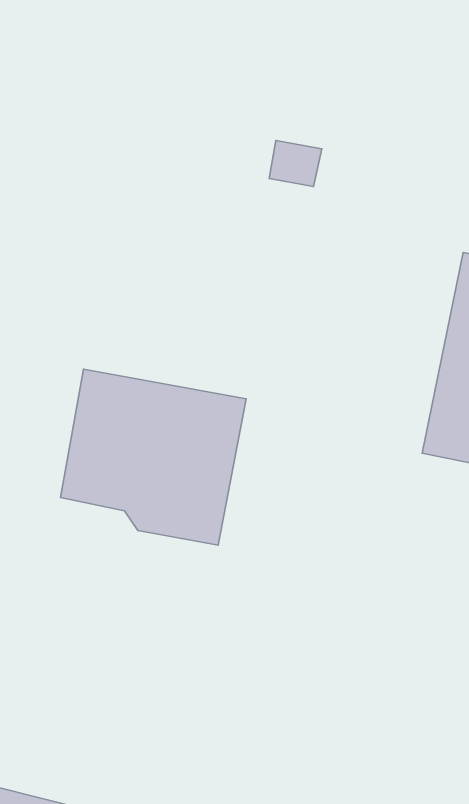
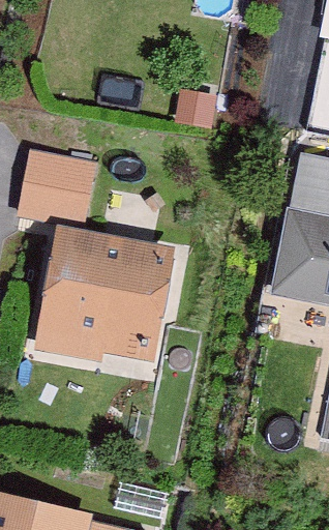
building: none -> [23,156,96,229]

